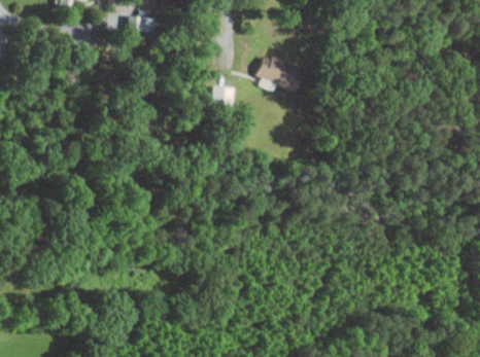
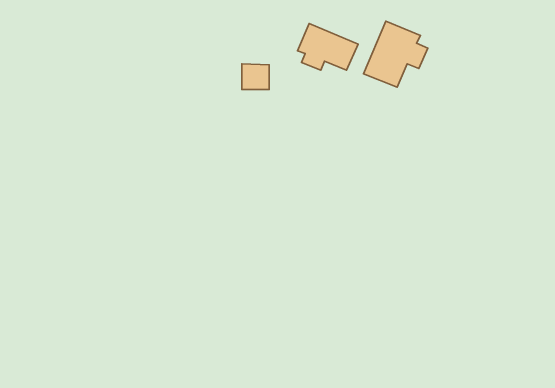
building: none -> [363,21,428,87]

